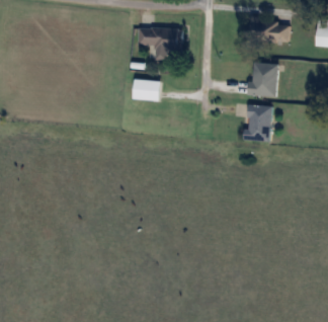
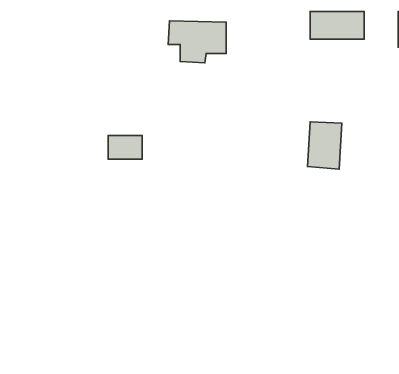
building: [250,63,278,96] -> none
building: [134,81,160,99] -> [108,136,142,159]

